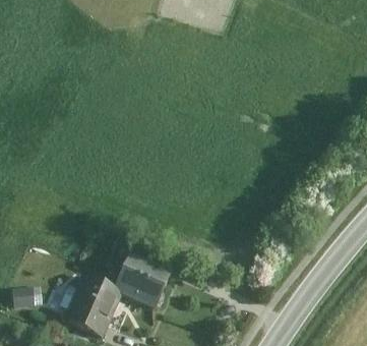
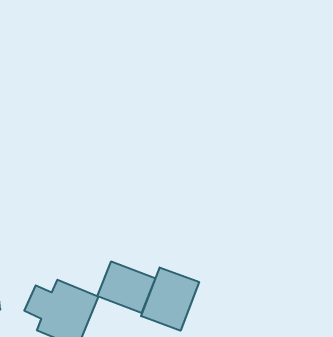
building: none -> [141,267,199,331]

